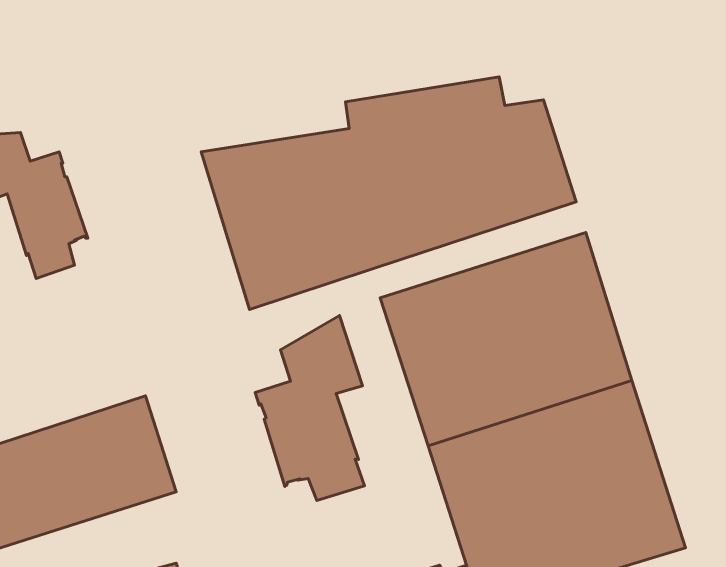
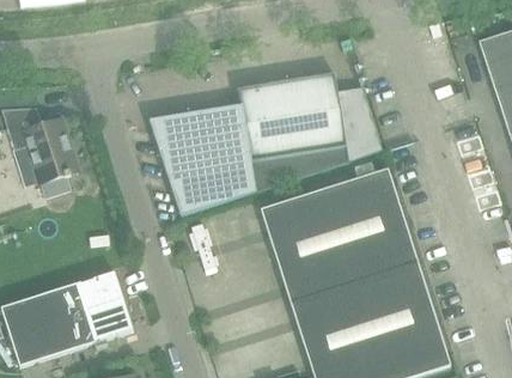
building: [255,315,365,500] -> none

